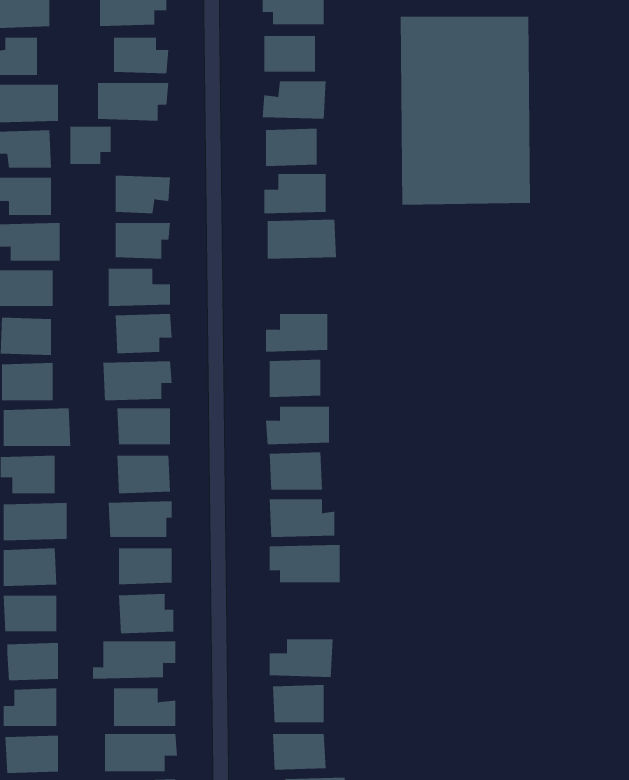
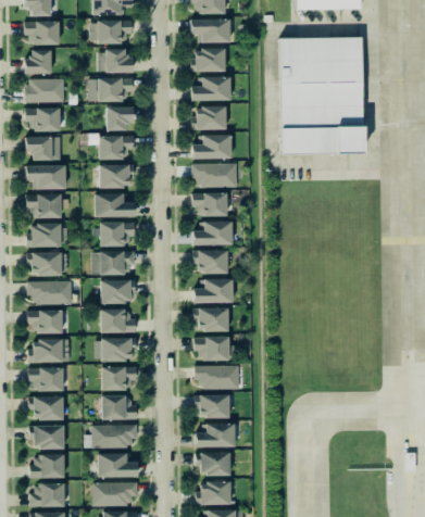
building: [70,126,112,165] -> [107,106,133,130]
building: none -> [192,193,227,216]
building: none -> [196,394,229,418]

